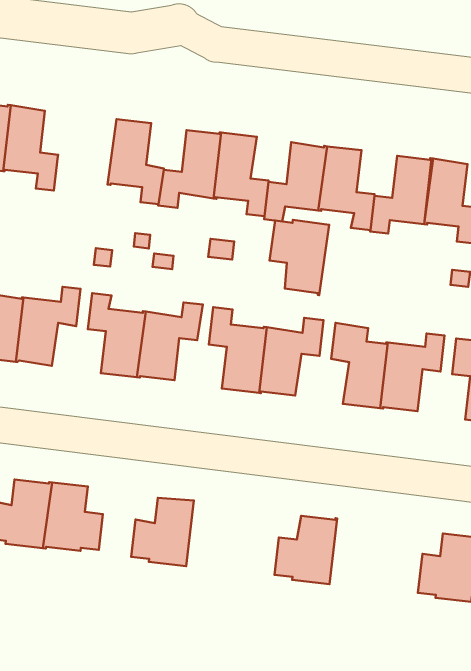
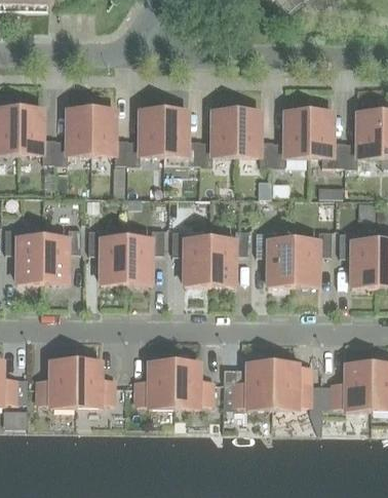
building: none -> [54,109,91,163]
building: [270,220,329,295] -> none
building: none -> [173,361,211,407]
building: none -> [272,362,310,408]

